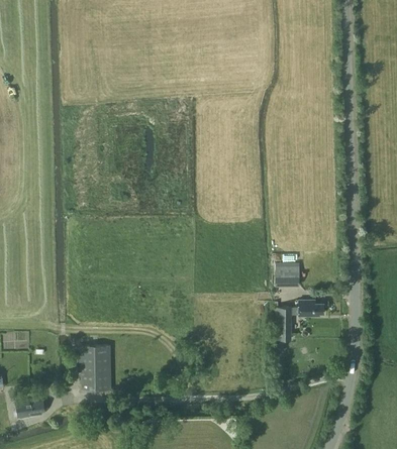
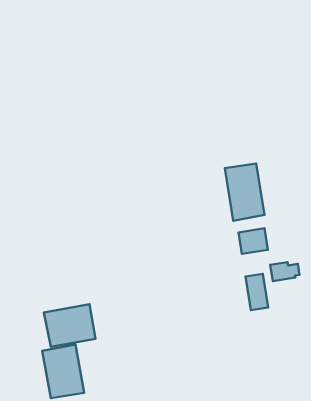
building: none -> [225,164,264,221]
building: none -> [44,304,96,347]

